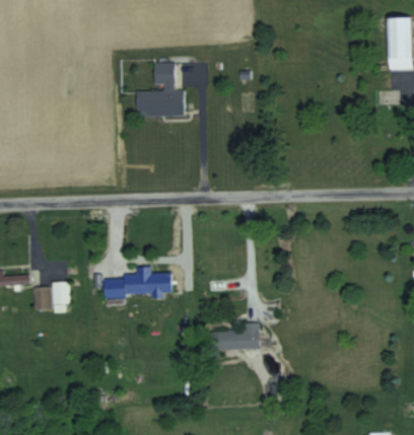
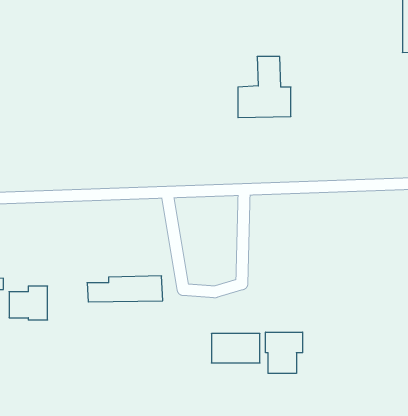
building: [137,64,185,119] -> [238,57,291,118]
building: none -> [266,332,303,373]

